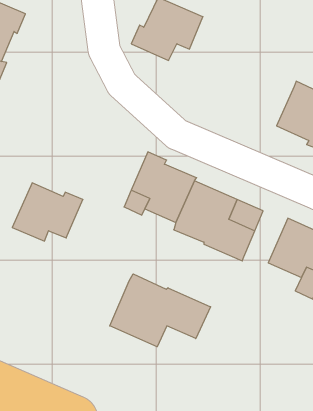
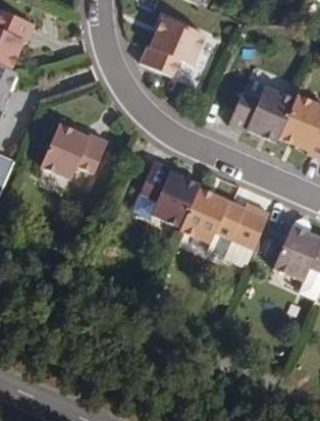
building: none -> [226,82,297,138]
building: [12,183,83,241] -> [39,126,108,183]
building: [110,274,211,347] -> none

